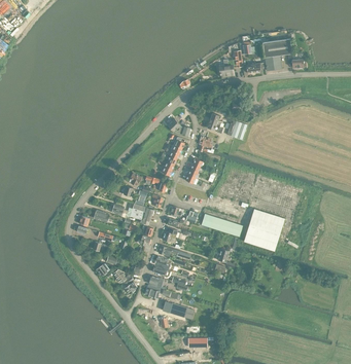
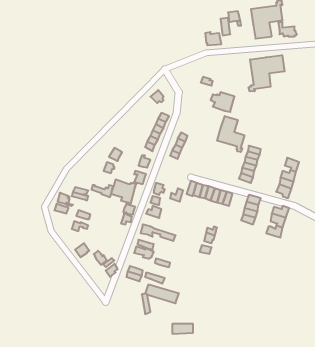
building: none -> [249,55,285,91]
building: none -> [217,116,244,152]

